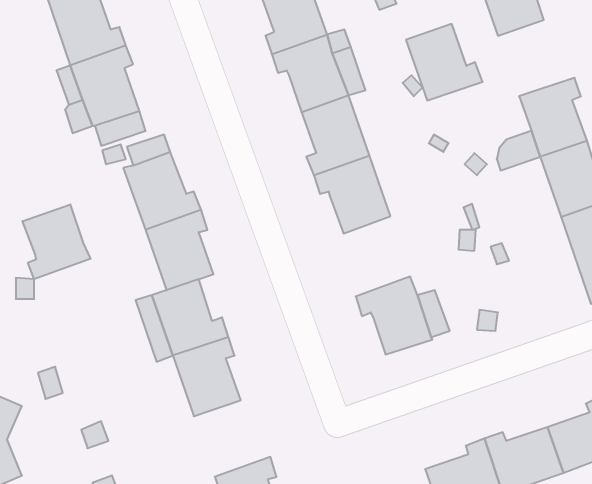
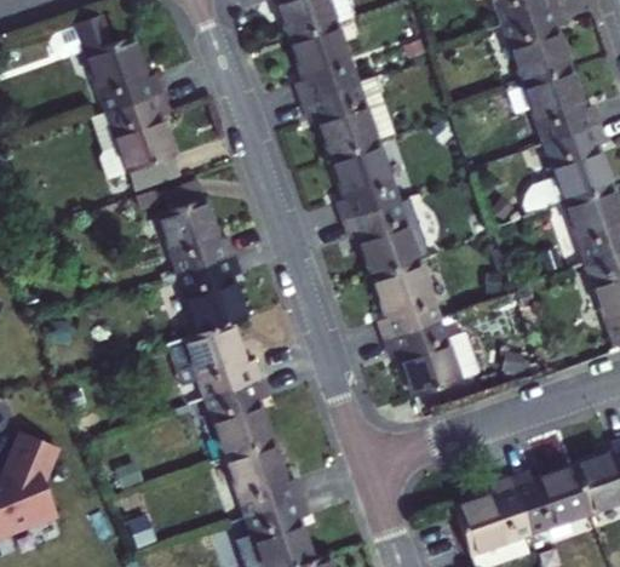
building: [406,24,483,100] -> [524,68,599,143]
building: [22,204,90,279] -> none
building: none -> [373,260,438,339]
building: none -> [226,441,302,516]

